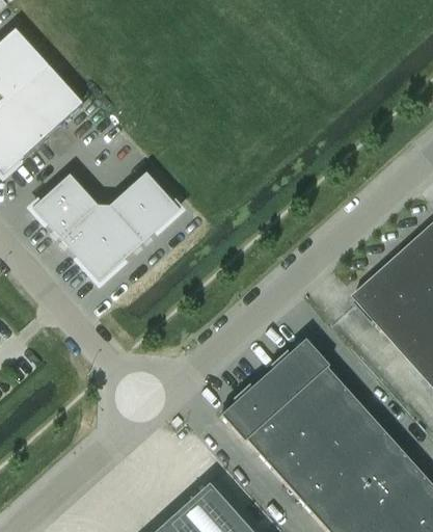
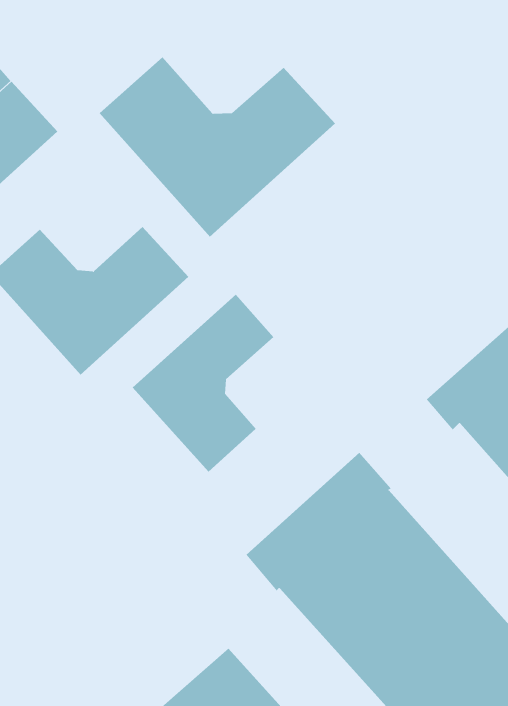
building: none -> [99,56,336,237]
building: none -> [132,294,274,473]

